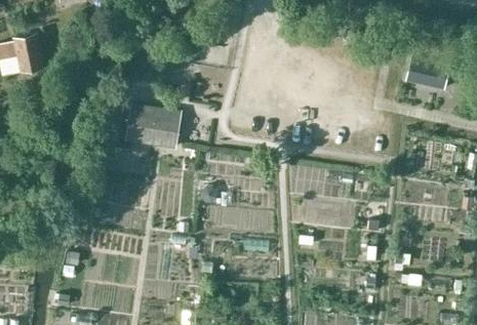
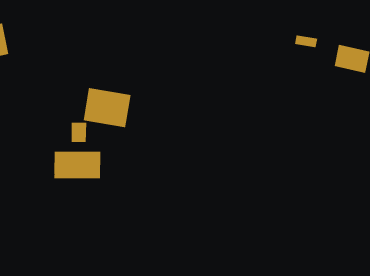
building: none -> [54,151,101,179]

